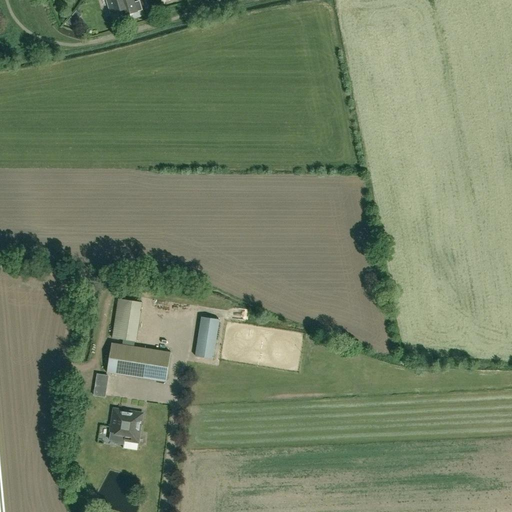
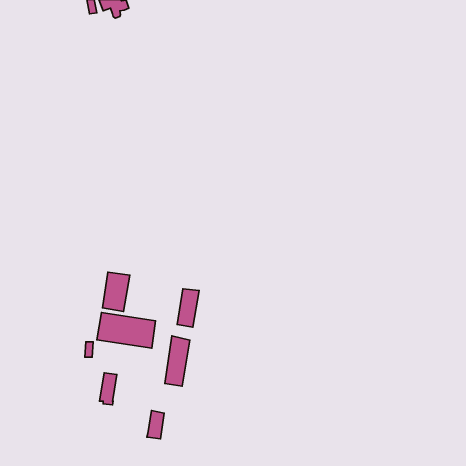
building: none -> [165,336,190,386]
building: [123,410,142,441] -> [147,411,164,439]

